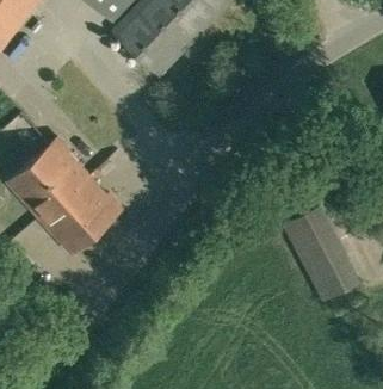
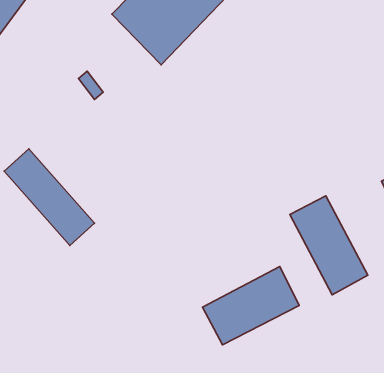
building: [31,140,119,231] -> none
building: none -> [202,267,299,345]

